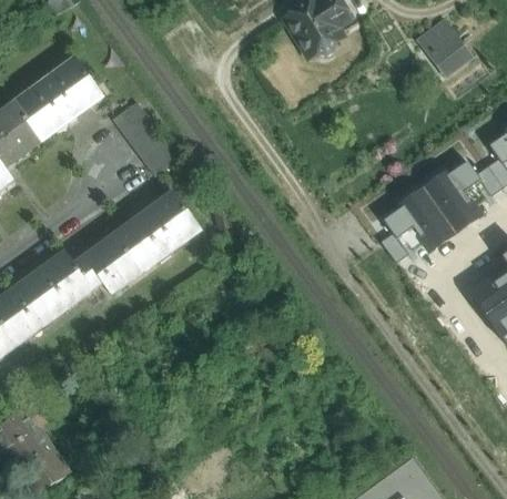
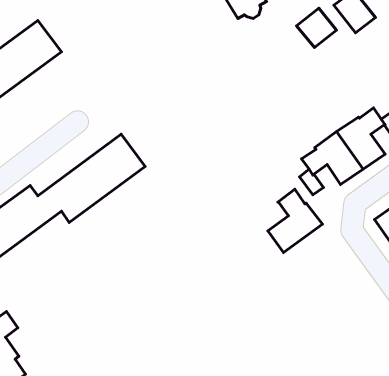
building: none -> [297,8,337,48]
building: [113,101,176,173] -> none
building: none -> [268,189,323,252]

